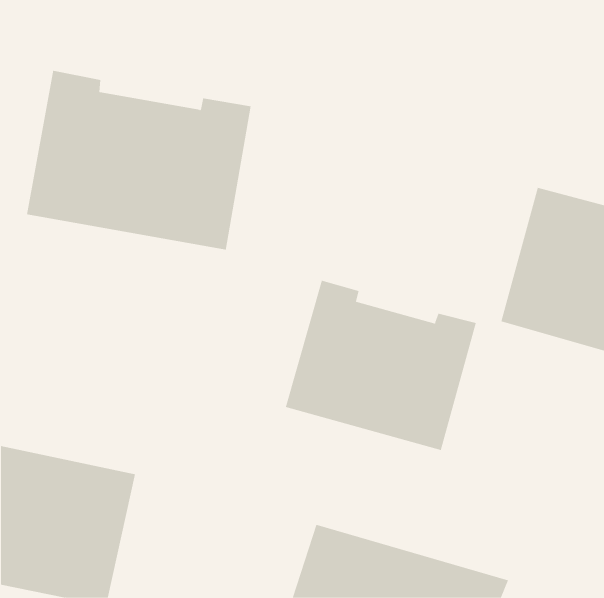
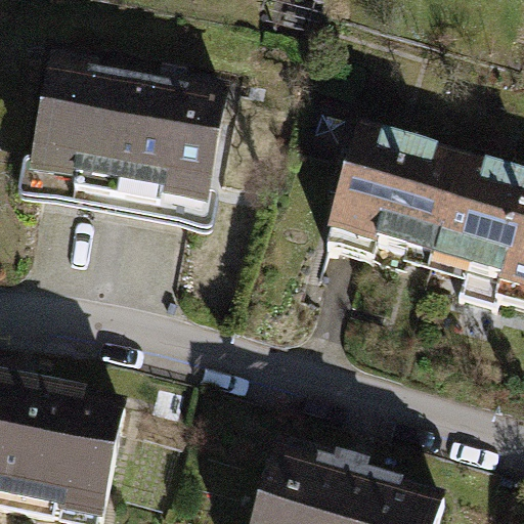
building: none -> [323,130,466,276]
building: [285,280,476,451] -> none

